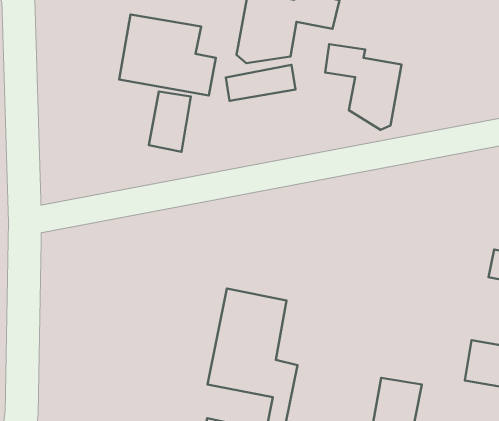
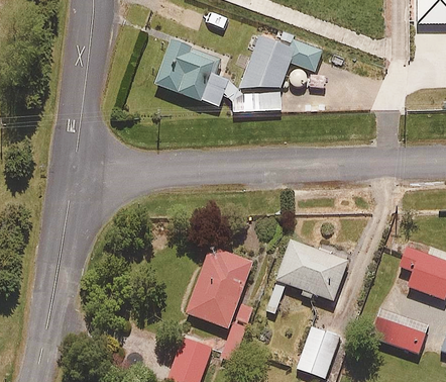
building: [325,44,401,130] -> none
building: [149,91,191,152] -> none
building: none -> [266,238,347,314]

